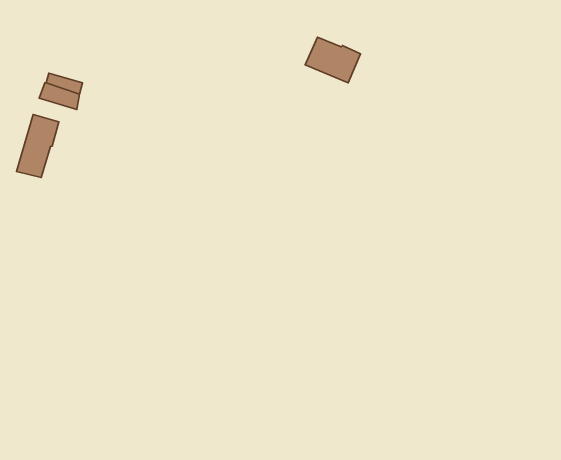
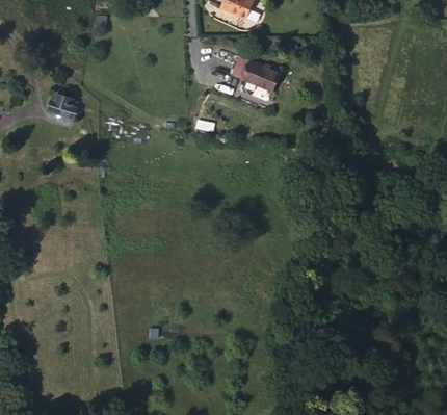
building: [16,114,59,178] -> none

